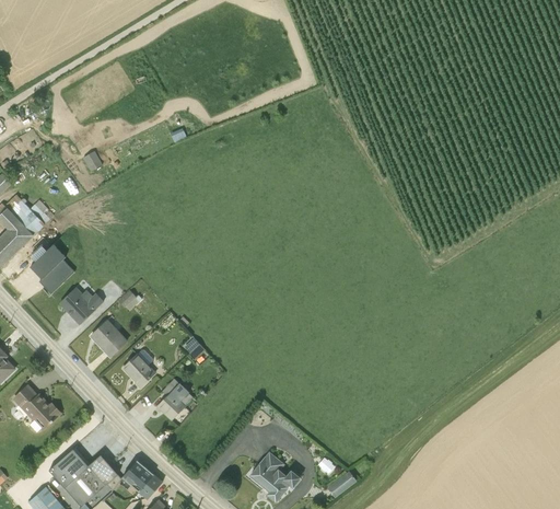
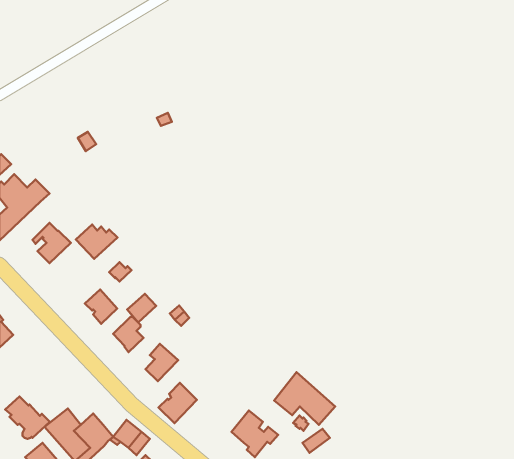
building: [59,287,104,324] -> [76,225,117,259]
building: none -> [127,294,156,322]
building: [12,385,60,431] -> [5,397,50,439]
building: none -> [274,372,335,425]
building: none -> [159,383,197,423]

